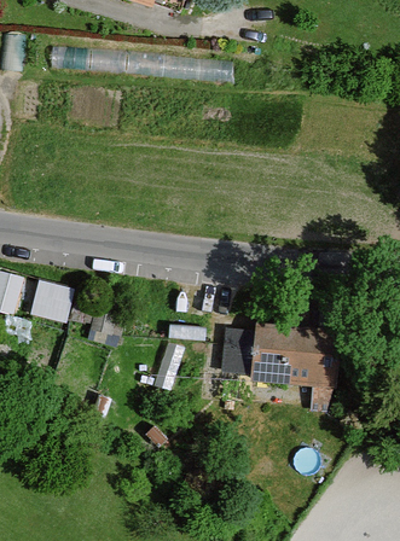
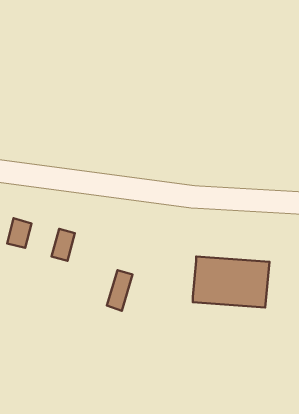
building: [221,328,255,372] -> none

